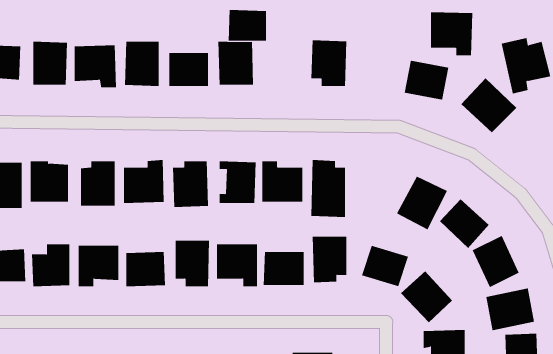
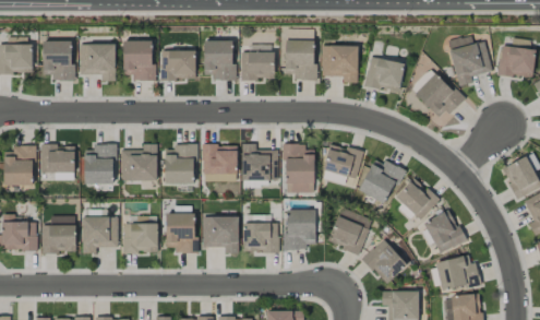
building: [228,10,267,41] -> [240,51,274,79]
building: [430,12,473,56] -> [321,45,358,83]
building: none -> [321,143,363,185]

